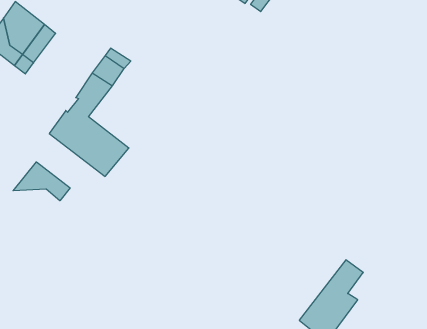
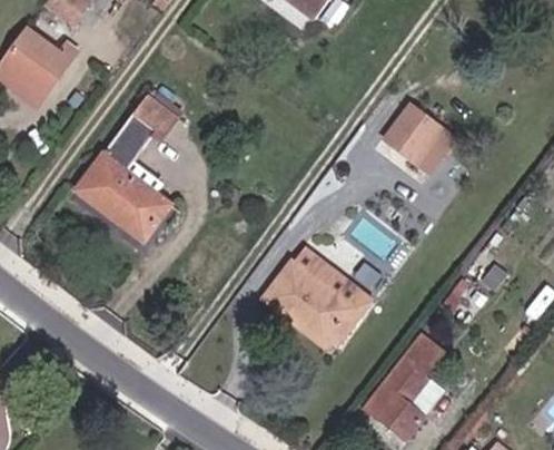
building: none -> [382,114,453,182]
building: [13,162,70,201] -> none
building: none -> [266,247,373,342]

